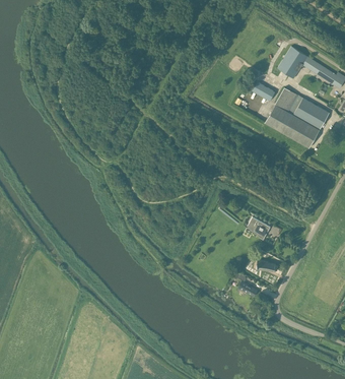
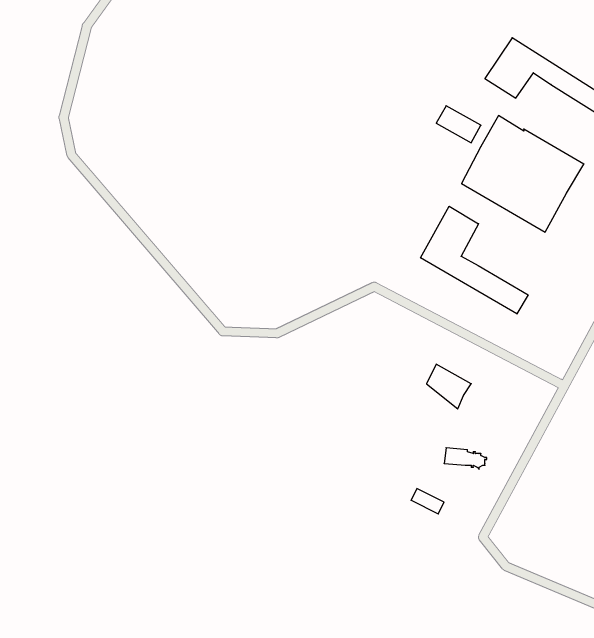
building: none -> [421,206,528,314]

